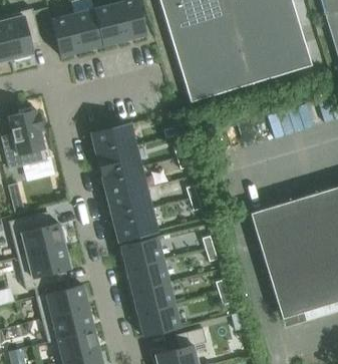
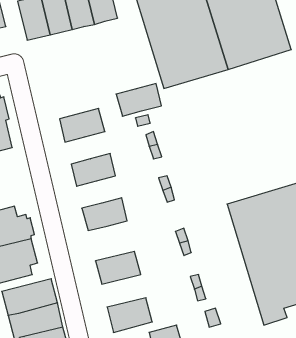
building: [96,143,139,174] -> [116,84,161,116]
building: [107,186,150,217] -> none
building: [119,235,162,267] -> none
building: [131,280,174,311] -> none

